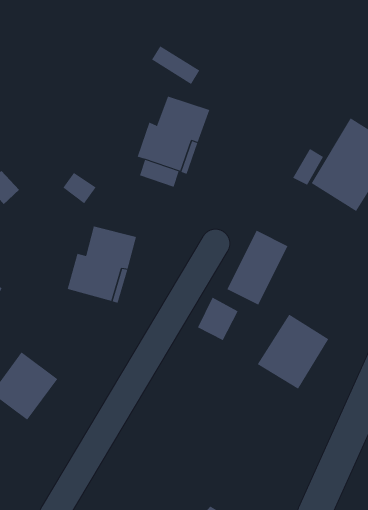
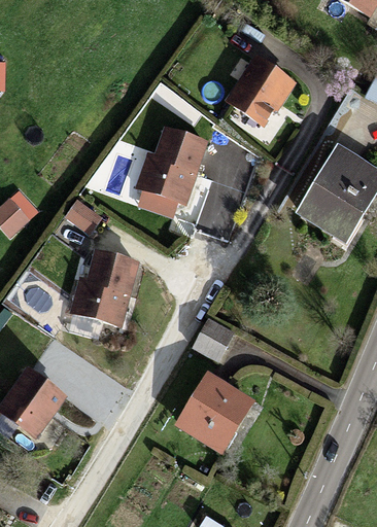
building: none -> [230,59,293,122]
building: [227,230,288,305] -> none
building: [257,314,329,389] -> [181,378,249,449]

